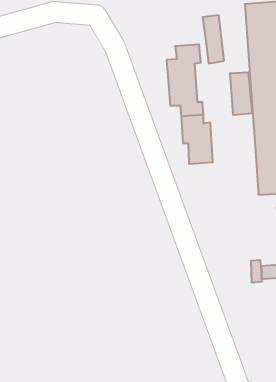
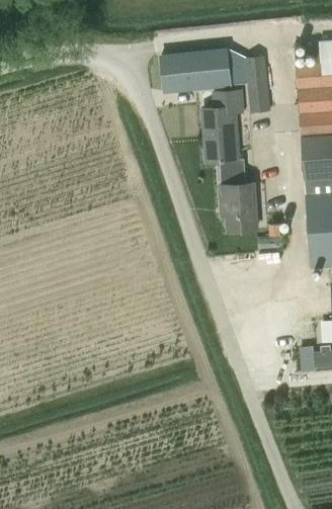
building: none -> [160,49,231,93]
building: [230,72,252,115] -> none

